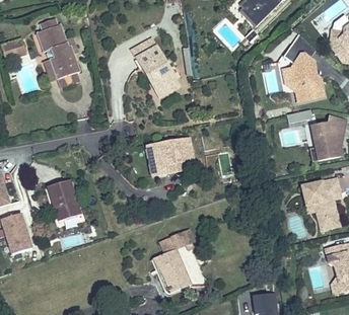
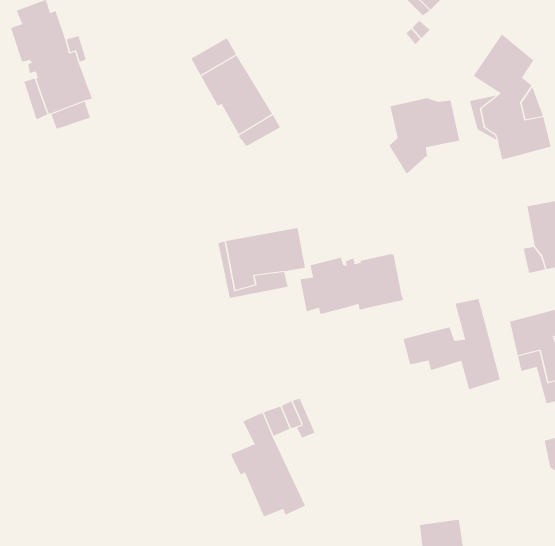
building: none -> [389,98,460,174]
building: none -> [300,253,404,315]
building: none -> [403,298,501,390]
building: [49,178,83,221] -> none

